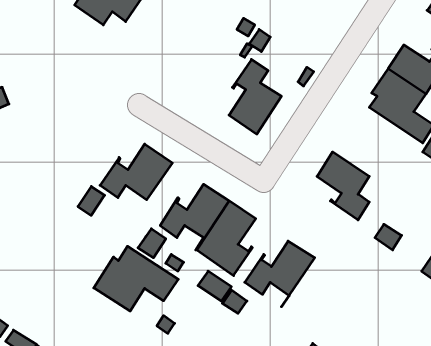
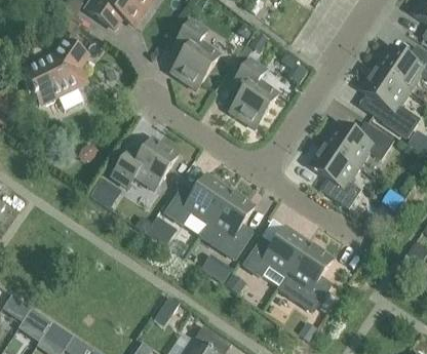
building: none -> [171,19,220,89]
building: none -> [24,41,86,104]
building: none -> [325,122,392,167]
building: [94,246,178,311] -> none
building: none -> [278,242,333,311]

